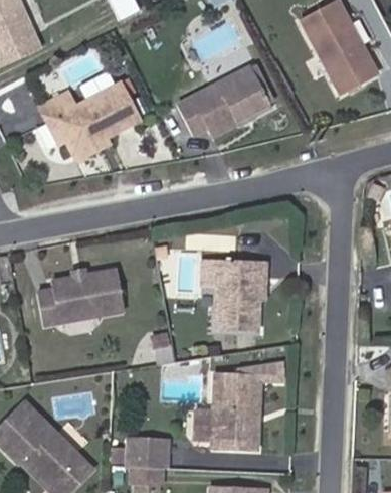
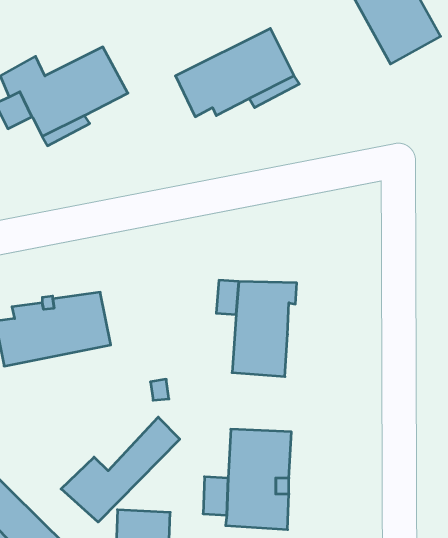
building: none -> [61,417,180,522]

